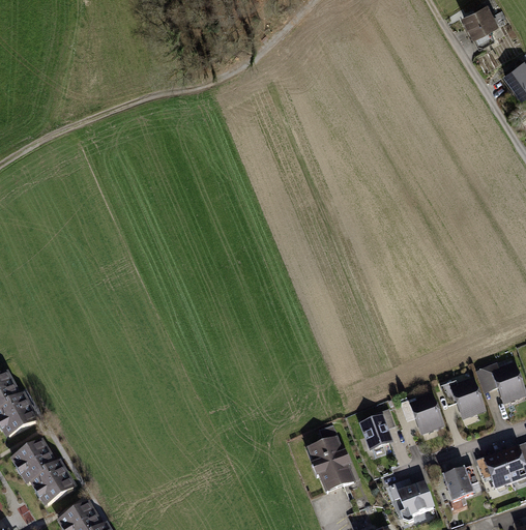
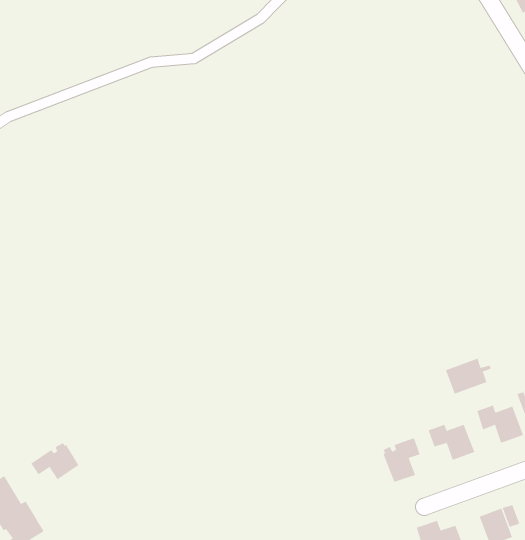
building: none -> [445,358,491,395]
building: none -> [31,442,79,480]
building: [310,439,354,489] -> none

